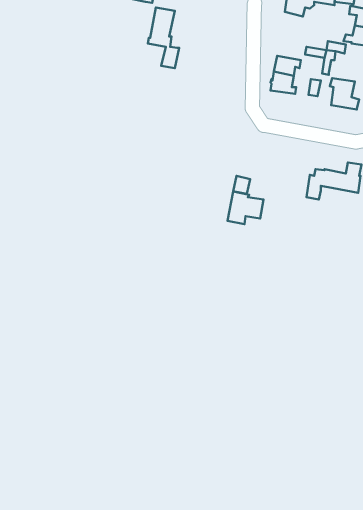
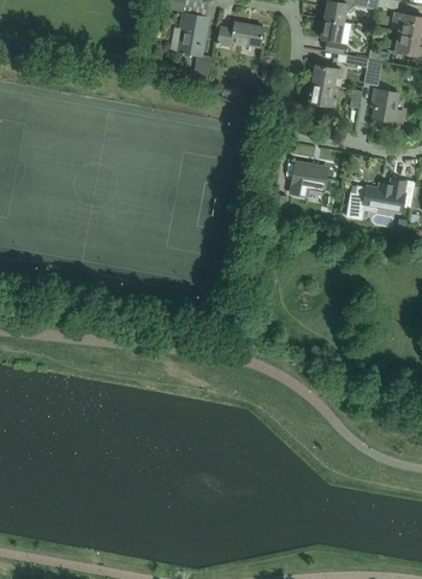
building: none -> [321,18,344,54]
building: none -> [218,22,265,47]
building: [228,192,264,224] -> [290,161,328,196]

